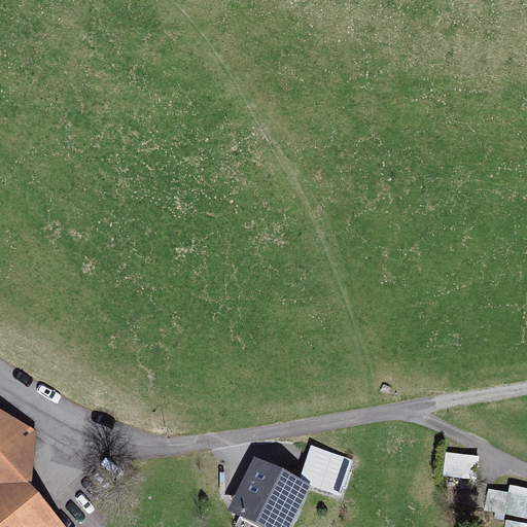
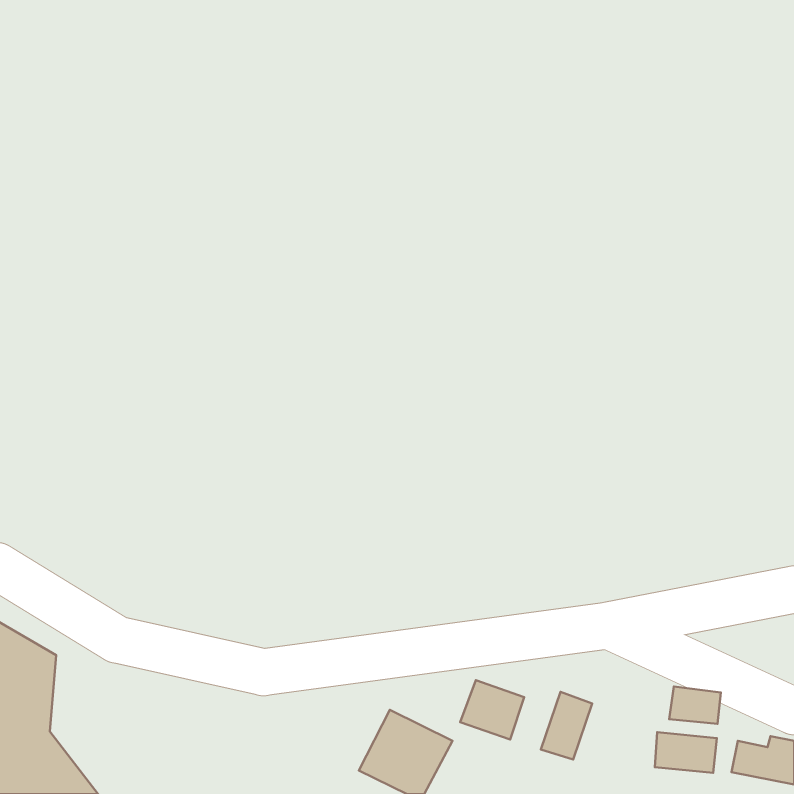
building: none -> [541,692,592,759]
building: none -> [655,732,717,773]

